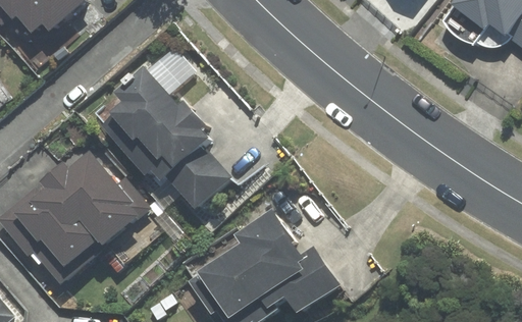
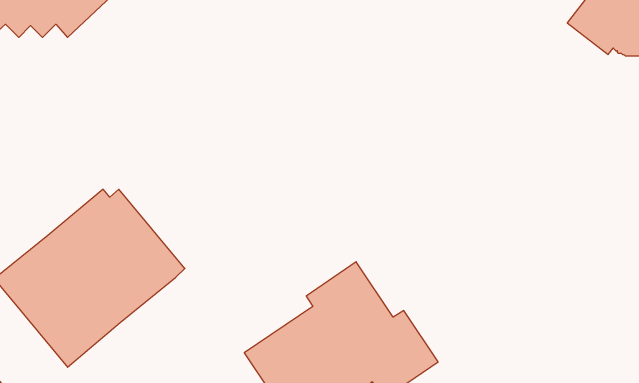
building: [103,65,230,207] -> none

